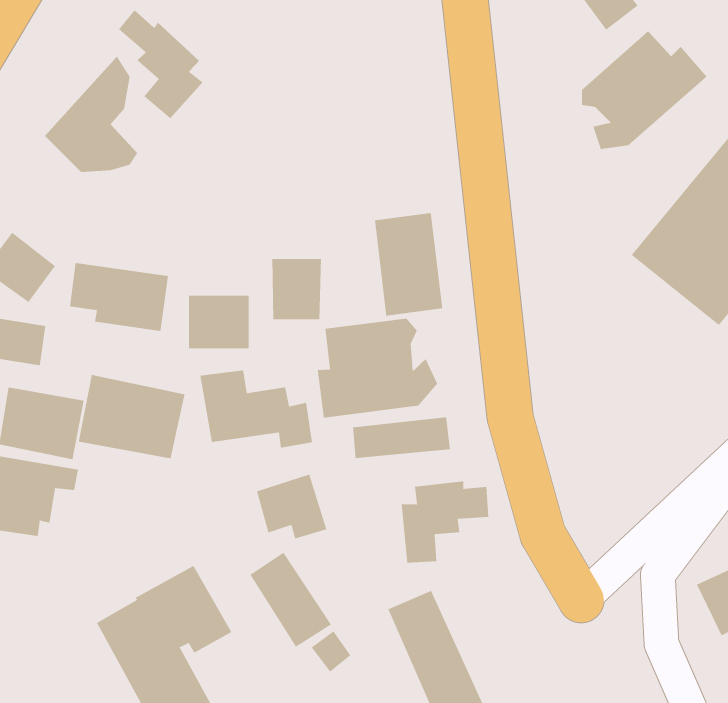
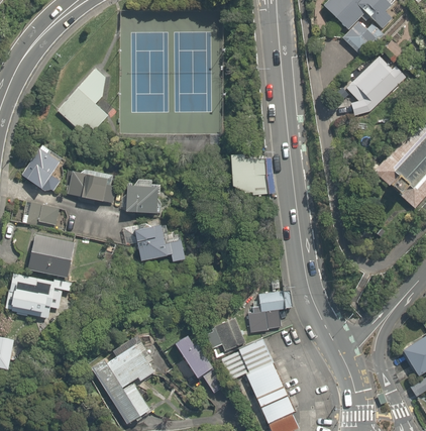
building: [118,10,204,119] -> none
building: [272,258,321,320] -> none
building: [317,318,438,418] -> none
building: [78,374,185,459] -> none
building: [352,416,451,459] -> none
building: [256,474,327,539] -> [204,315,241,349]

